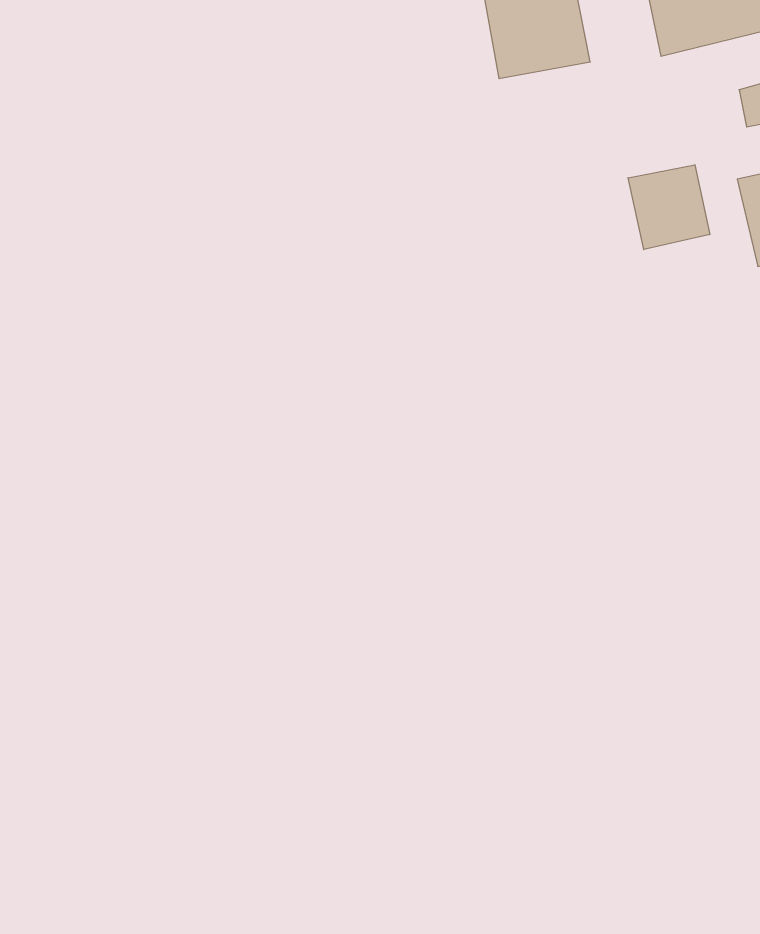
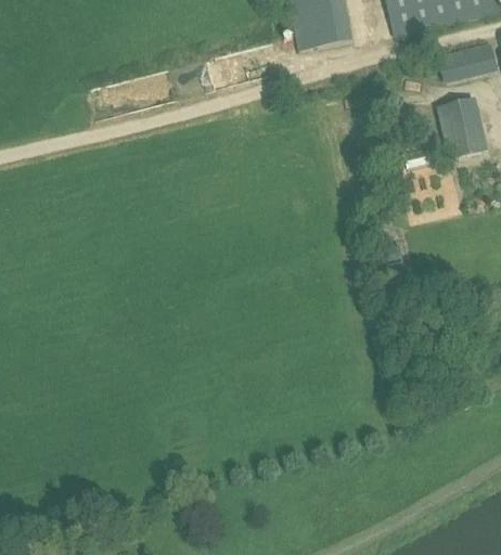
building: [628,165,710,250] -> none

